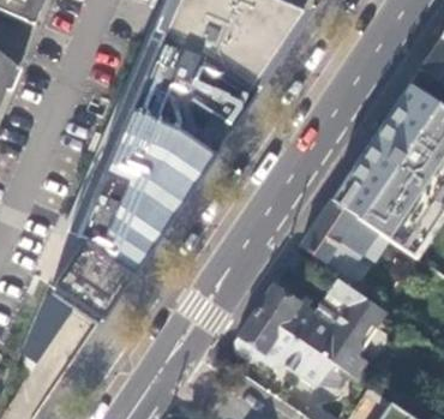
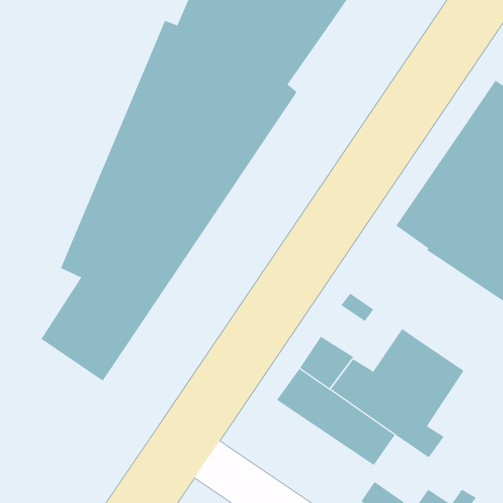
building: [299,198,391,287] -> none

